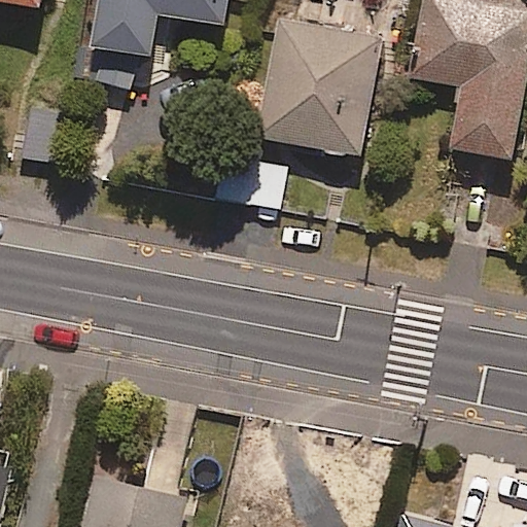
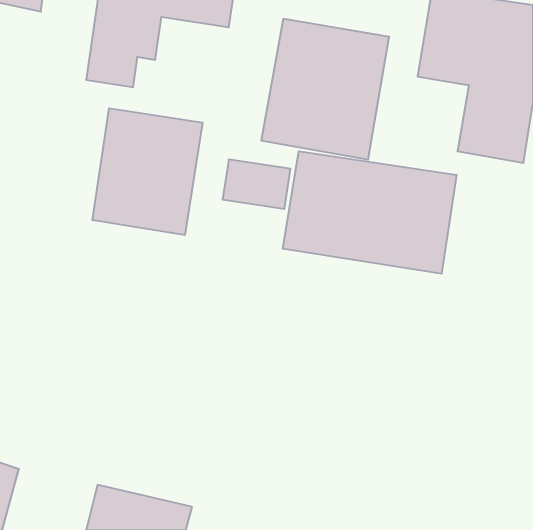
building: none -> [93,108,203,235]
building: none -> [283,151,457,274]

